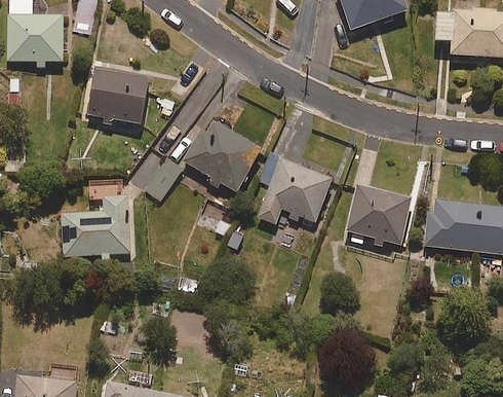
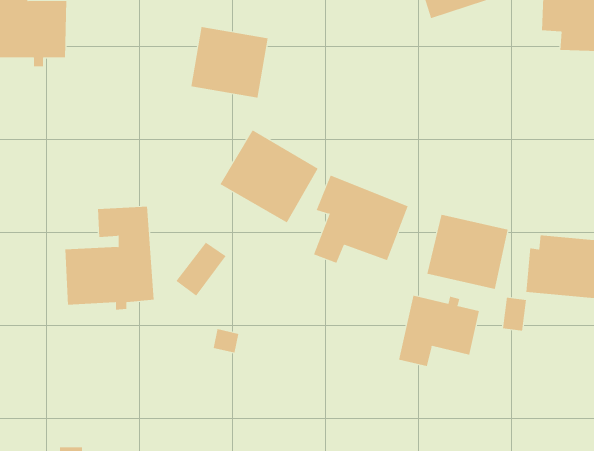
building: [86,67,148,123] -> [190,27,269,98]
building: [143,157,183,201] -> [176,242,226,296]
building: none -> [398,295,479,367]

